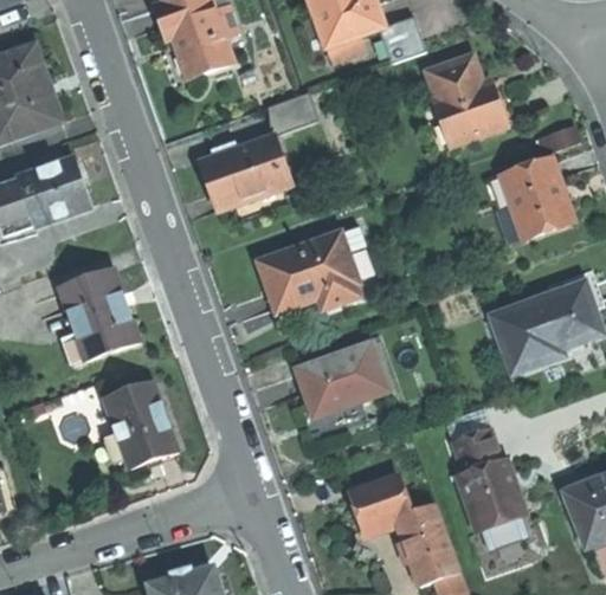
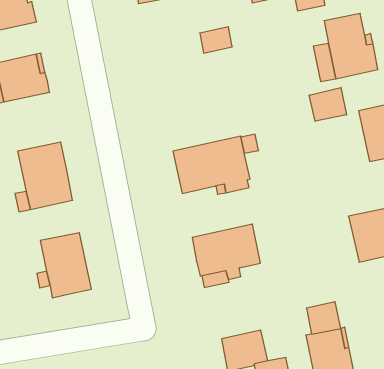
building: [200,135,290,211] -> none
building: none -> [309,87,347,121]

